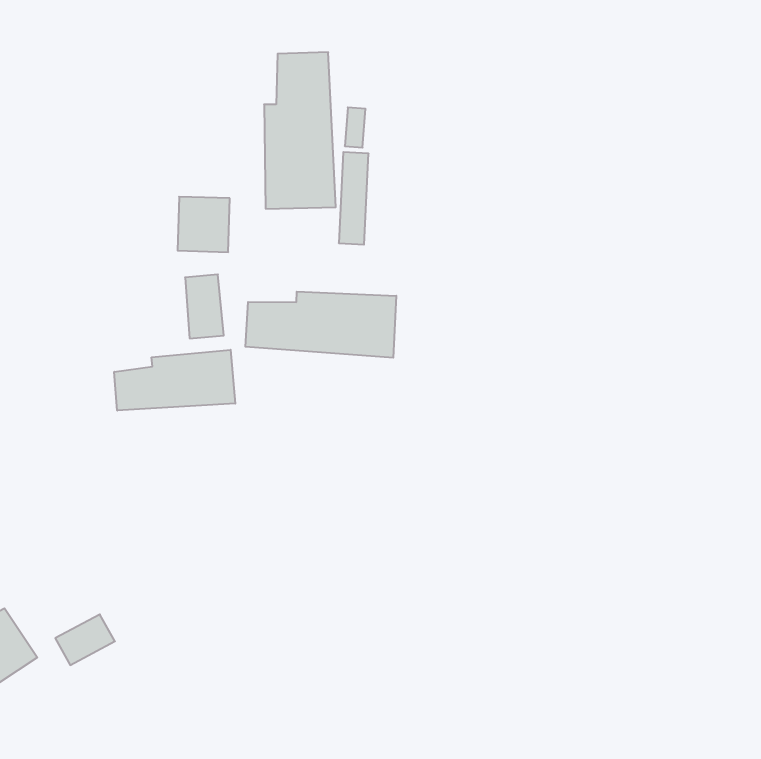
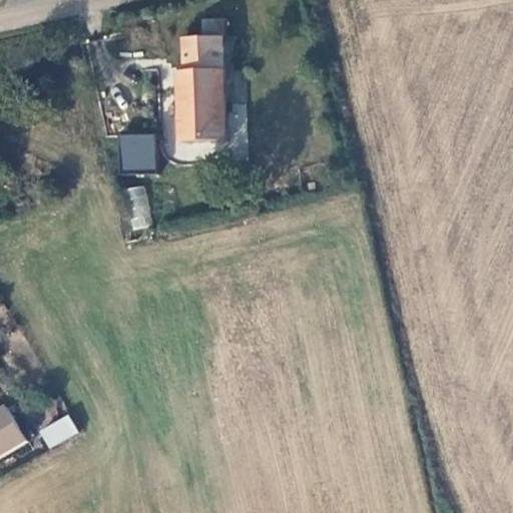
building: [245,292,396,358] -> none
building: [114,350,235,411] -> none

